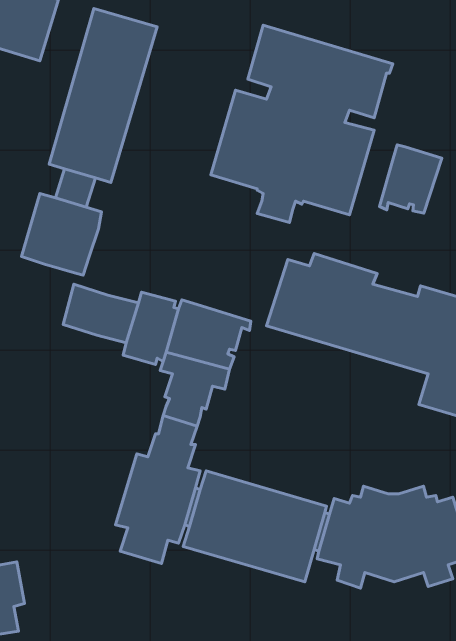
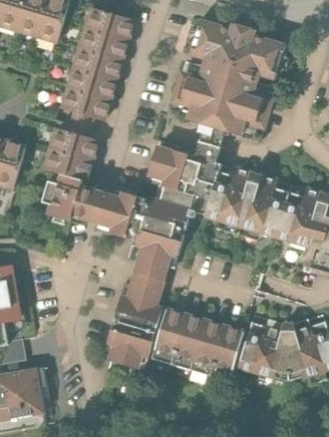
building: [379,145,442,213] -> none
building: none -> [148,140,221,213]
building: none -> [41,173,81,221]

